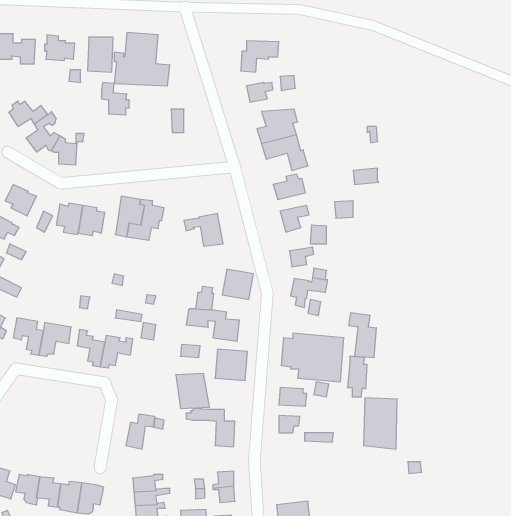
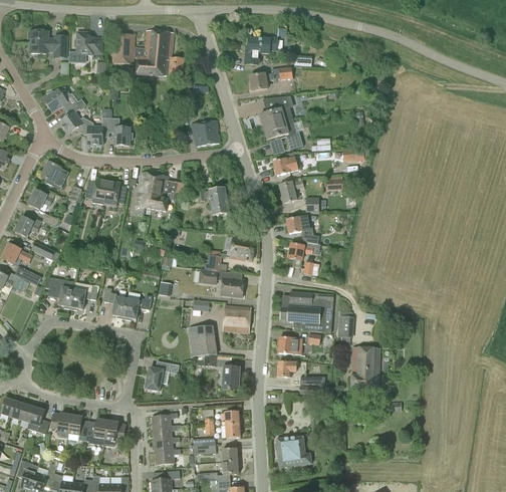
building: [101,82,129,115] -> [107,117,132,146]
building: none -> [192,120,219,146]
building: [349,313,376,358] -> none

